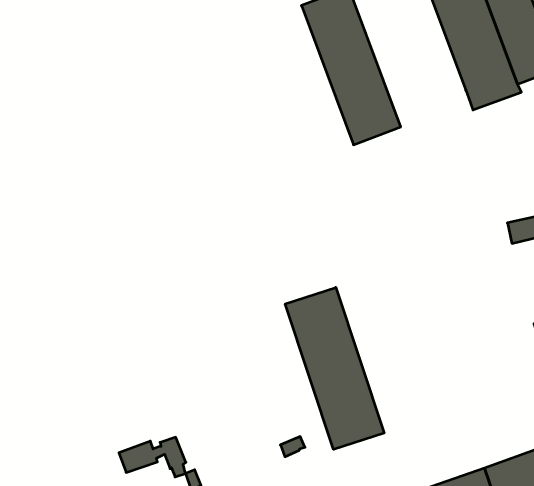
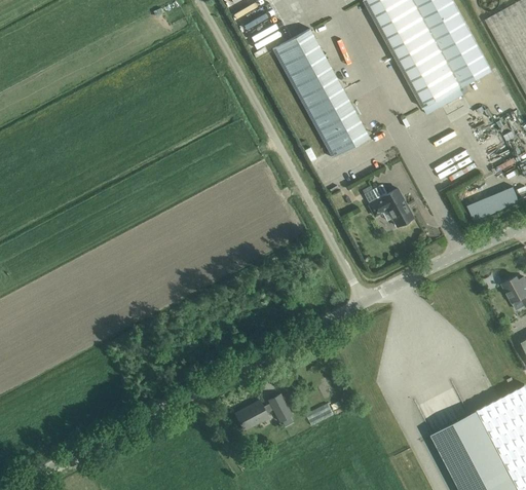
building: none -> [369,184,413,226]
building: [285,287,384,449] -> none
building: [119,437,186,477] -> [235,393,293,428]

